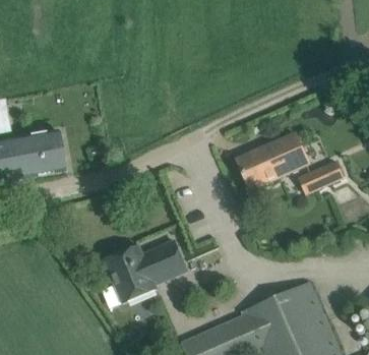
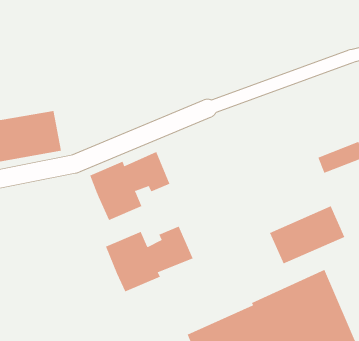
building: [237,133,308,188] -> [269,206,345,264]
building: none -> [90,151,170,221]

